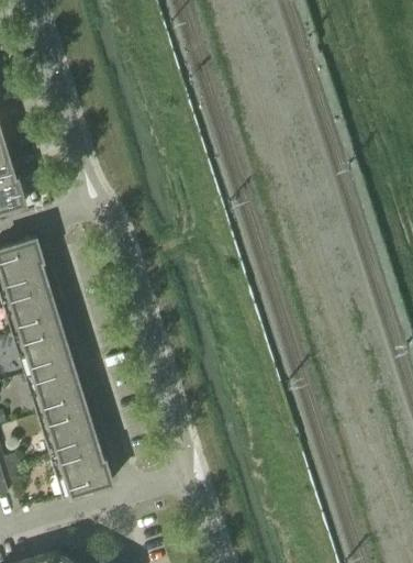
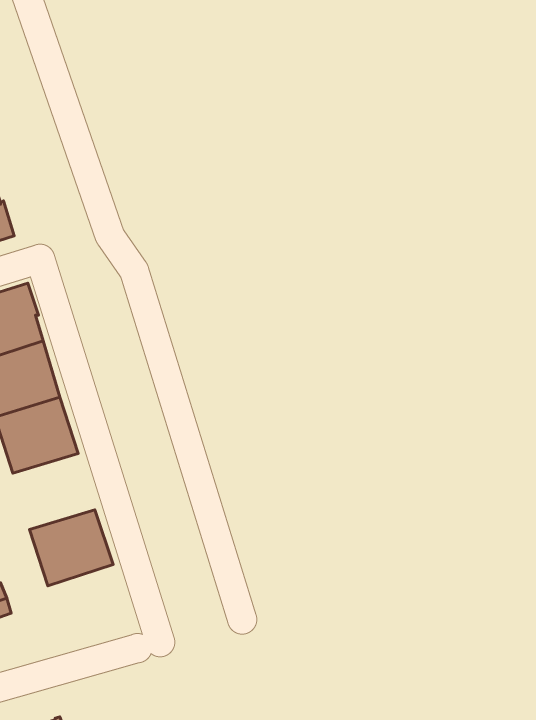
building: [24,358,83,413] -> none
building: [49,439,112,496] -> none

